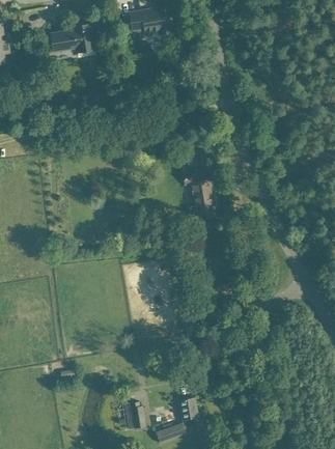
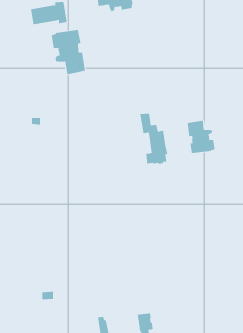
building: none -> [51,29,86,75]
building: none -> [187,120,215,154]

